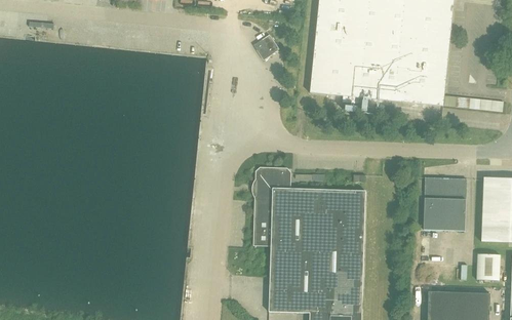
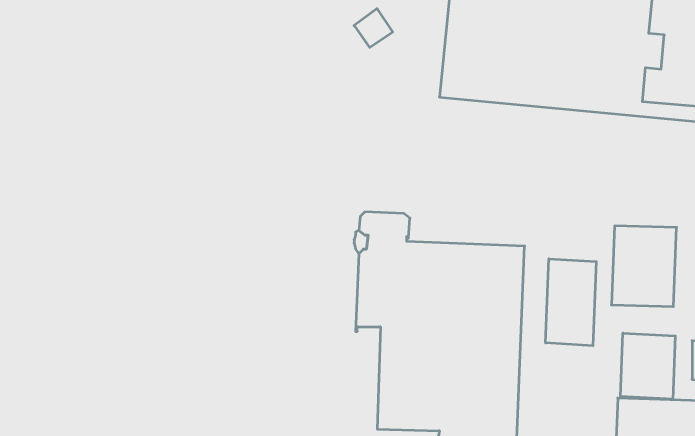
building: none -> [546,259,596,346]
building: none -> [620,333,675,399]

